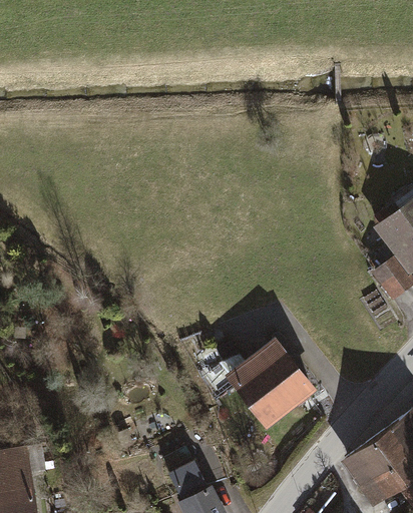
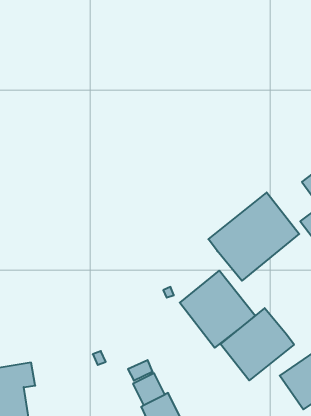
building: none -> [208,192,299,281]
building: none -> [221,308,294,380]

